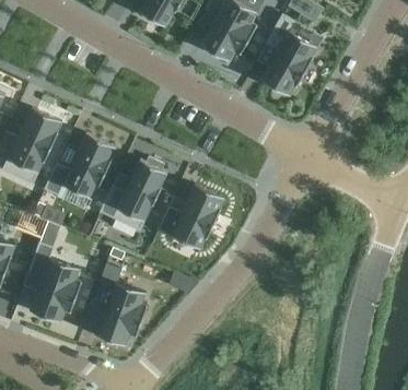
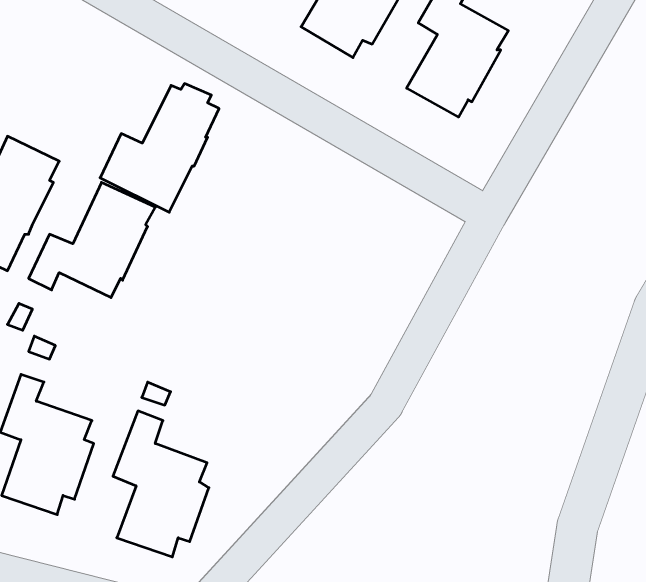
building: [98,157,166,231] -> [100,84,219,212]
building: [155,184,222,249] -> none

